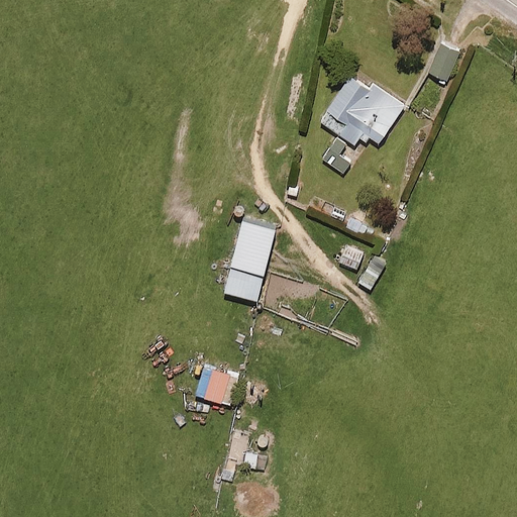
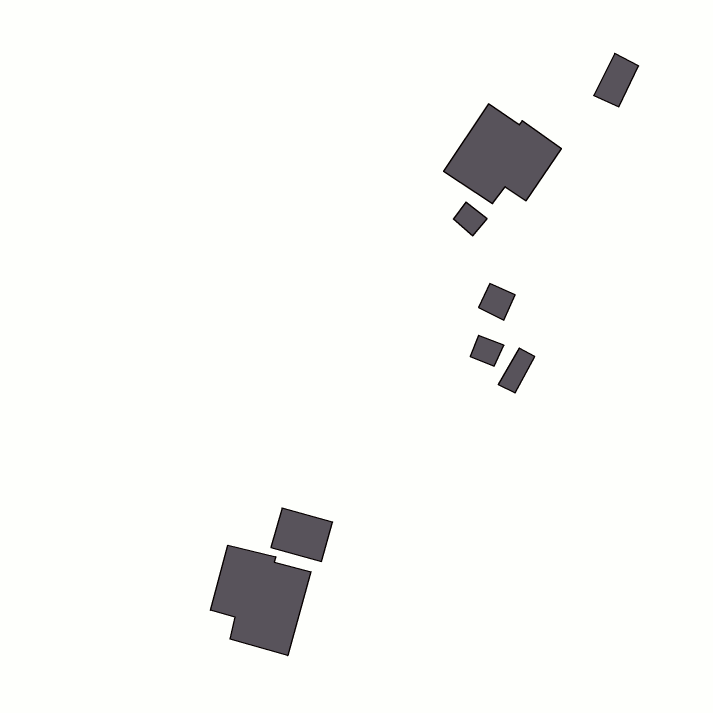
building: [224,213,276,296] -> none
building: none -> [210,545,311,656]

